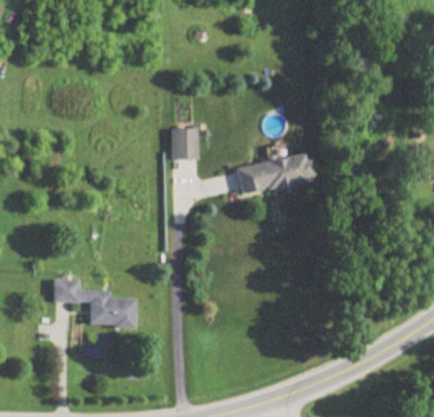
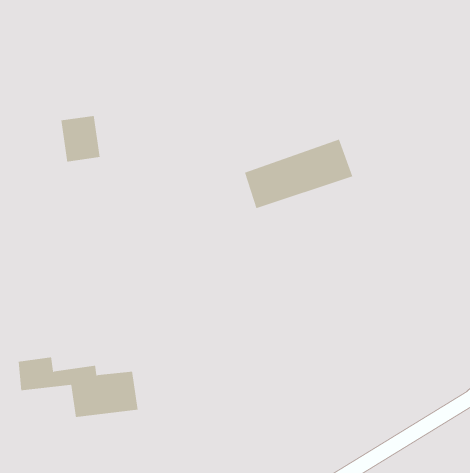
building: [173,128,198,159] -> [60,115,100,162]

